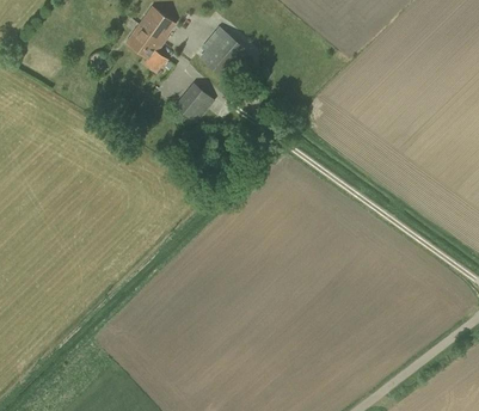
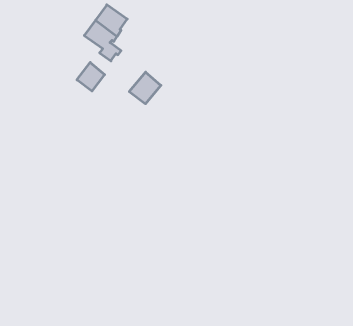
building: [198,27,248,75] -> none
building: none -> [77,62,105,91]

